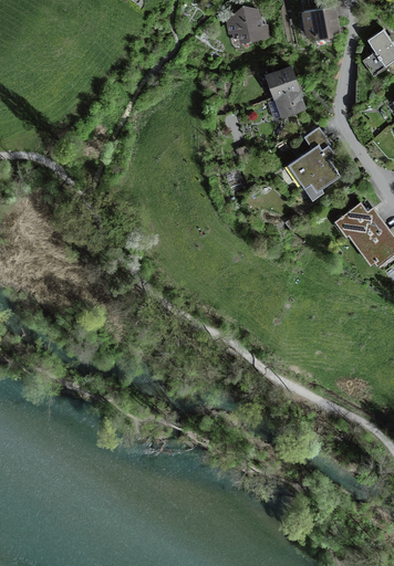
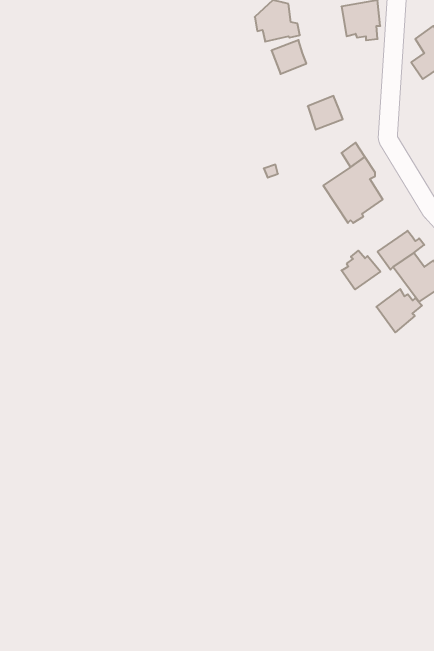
building: [267,69,297,97] -> [271,40,306,74]
building: none -> [341,251,380,289]
building: none -> [376,289,422,332]

